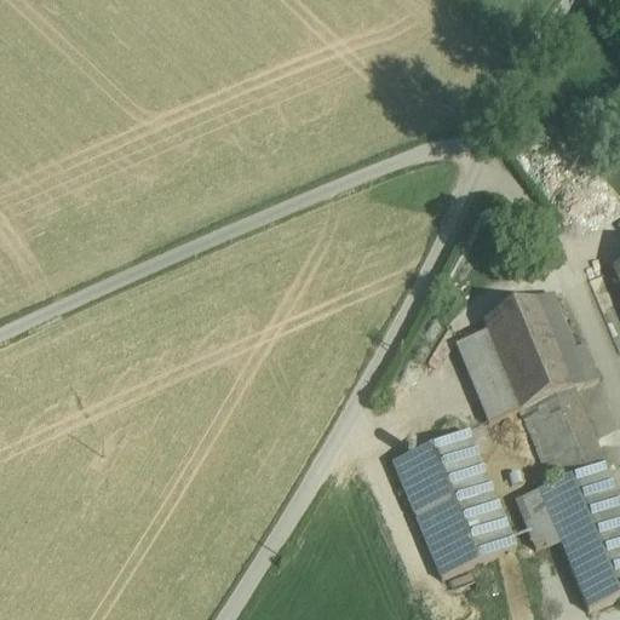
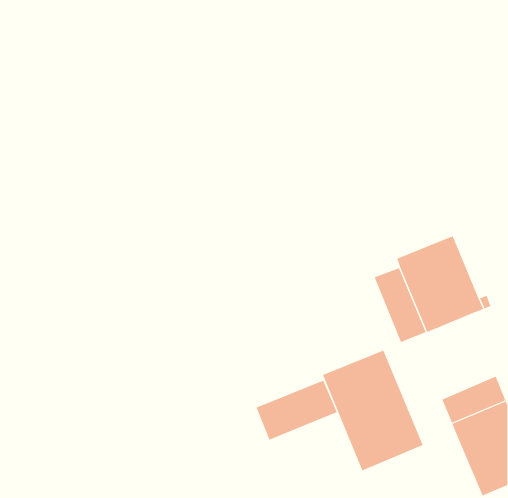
building: [519,383,604,480] -> none
building: none -> [256,380,338,441]
building: [513,487,557,542] -> none

